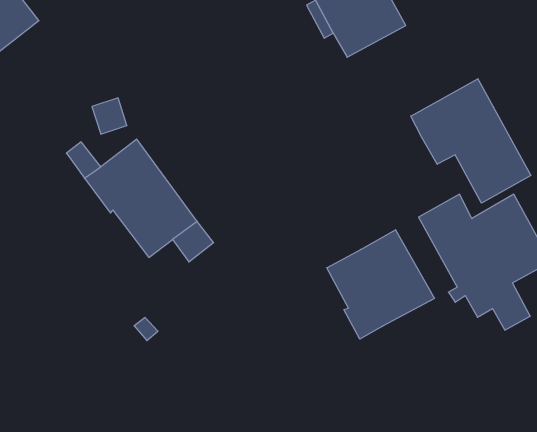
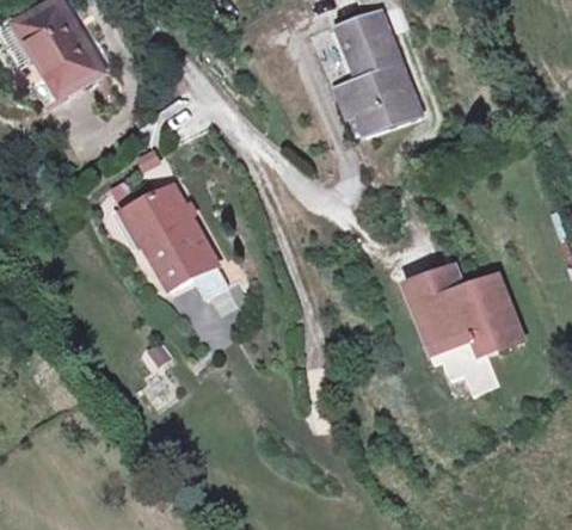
building: [411,79,531,203] -> none
building: [327,230,434,339] -> none

